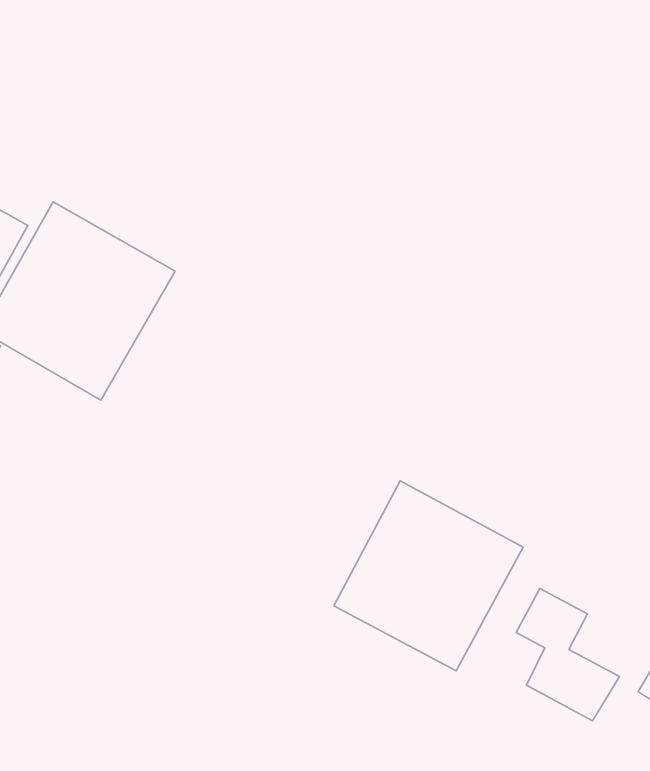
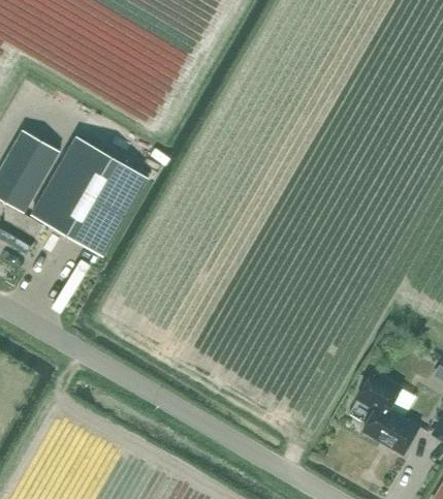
building: [334,481,523,671] -> none

